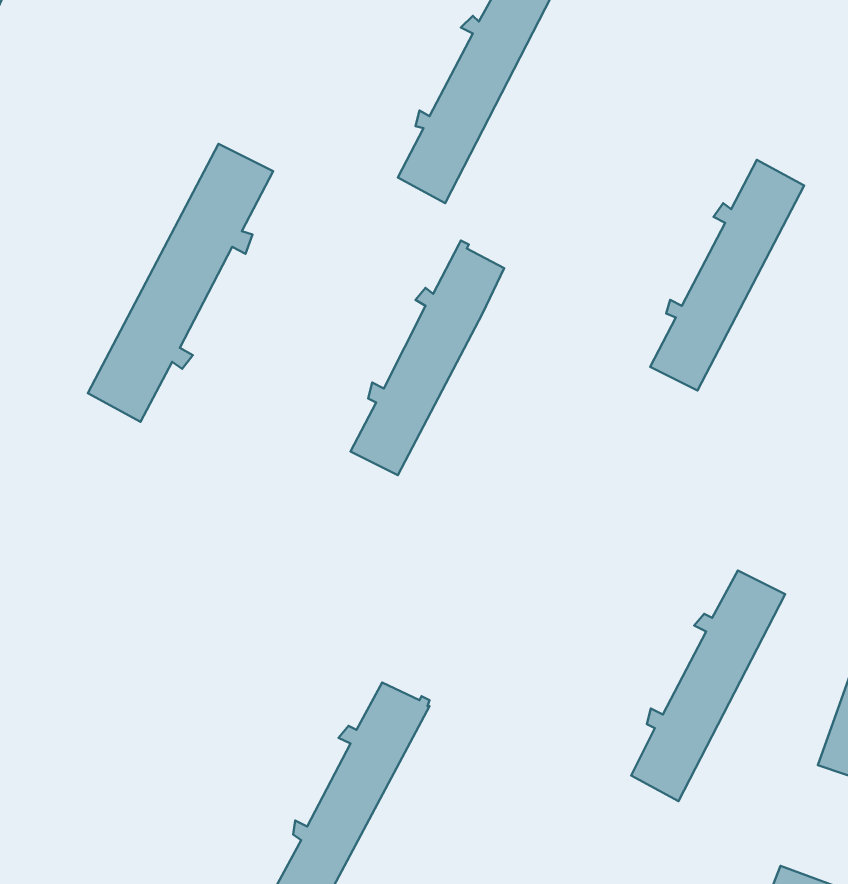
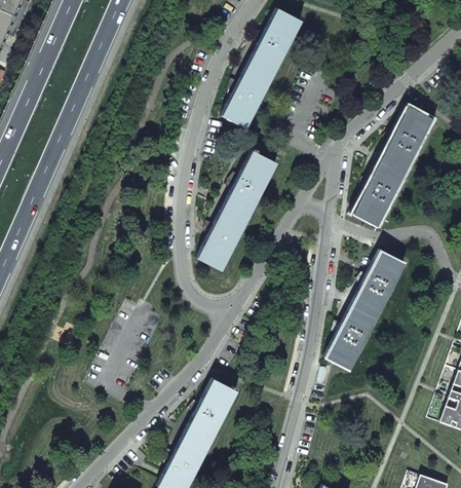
building: [88,144,273,422] -> none
building: [631,570,785,801] -> [324,251,405,371]

